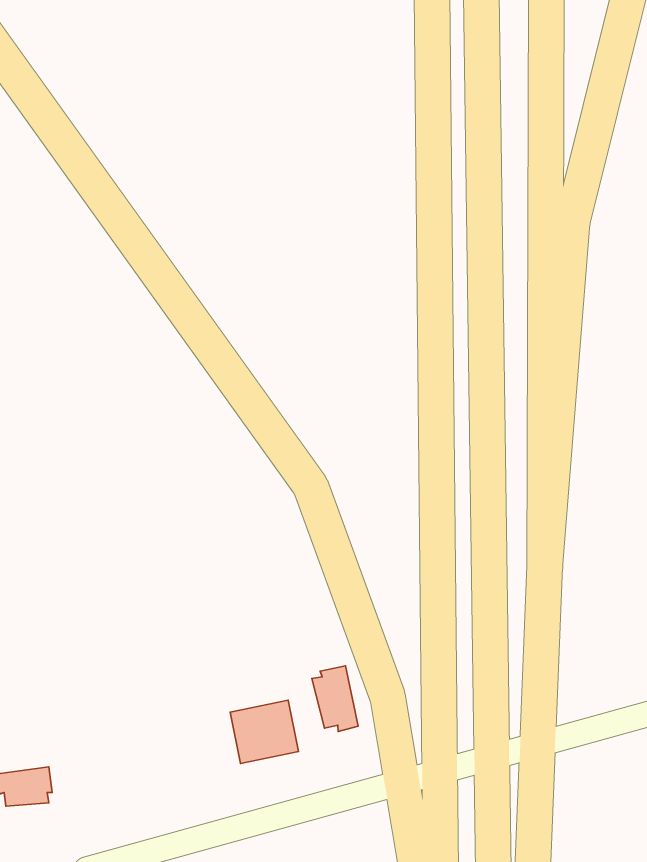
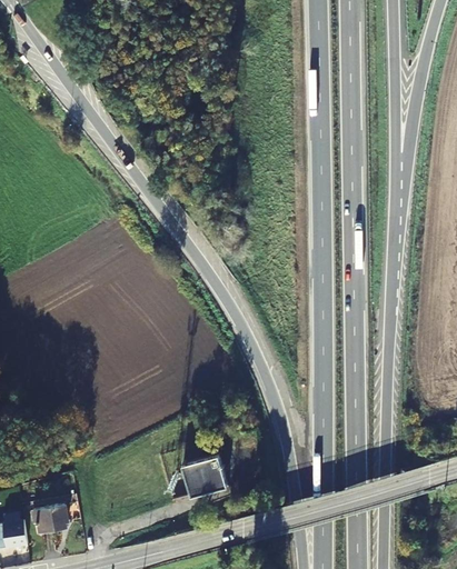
building: [312,666,358,732] -> none

